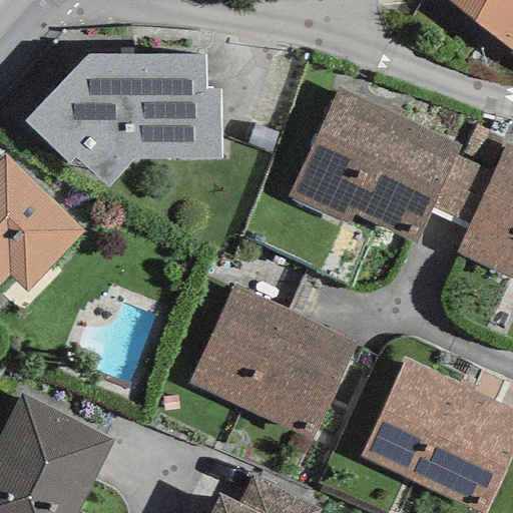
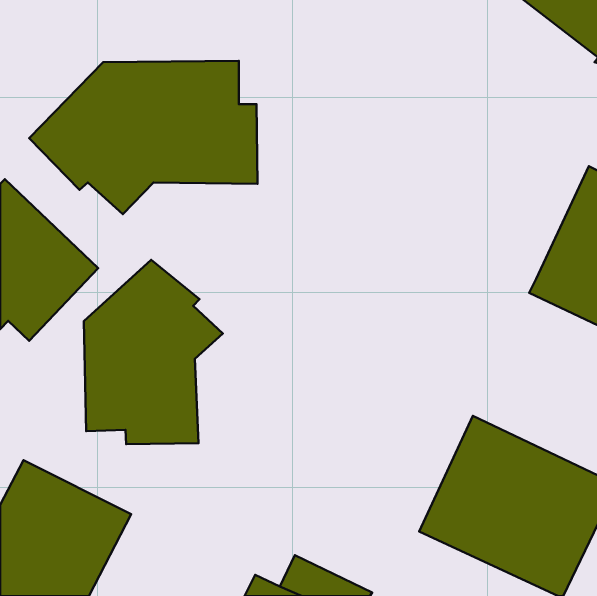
building: [289,86,462,240] -> none
building: none -> [84,260,223,444]
building: [187,287,354,439] -> none

